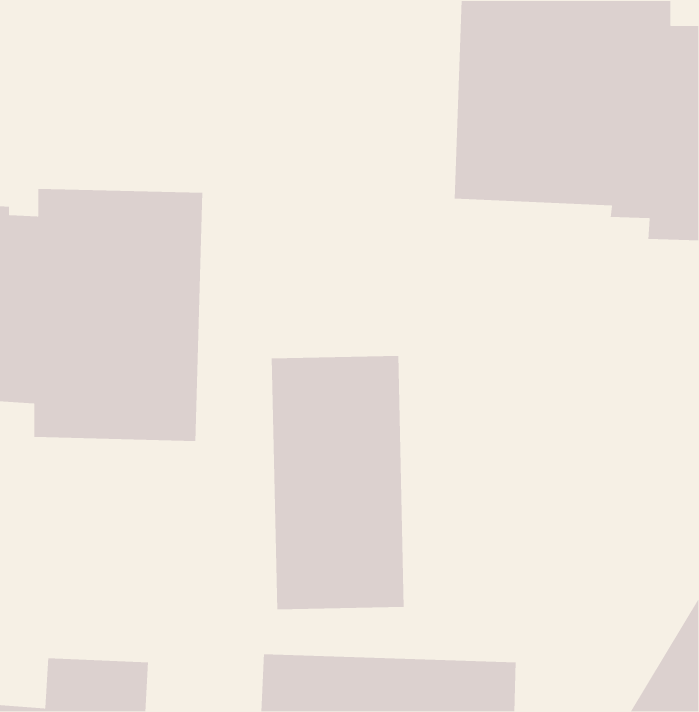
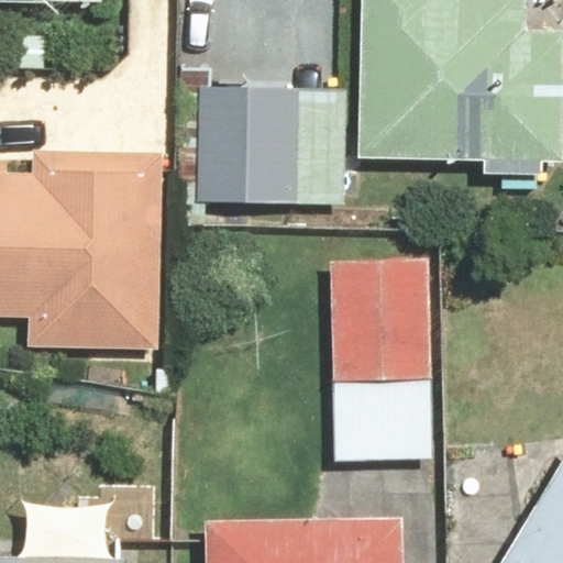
building: none -> [195,81,346,205]
building: [271,355,405,610] -> [331,256,437,457]

